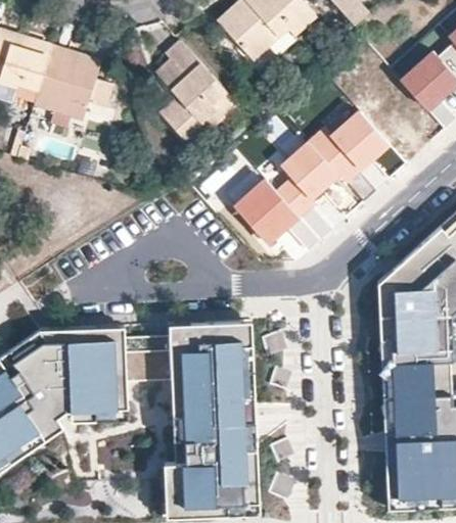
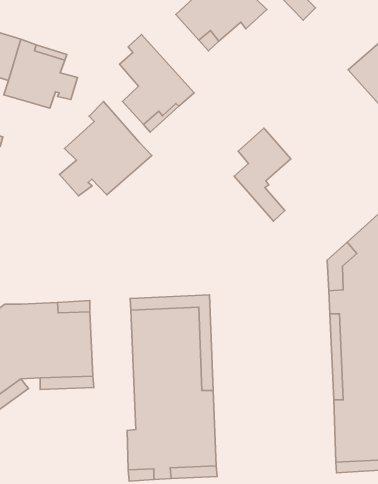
building: [312,110,389,201] -> none
building: none -> [59,102,152,196]
building: [236,179,321,250] -> none

